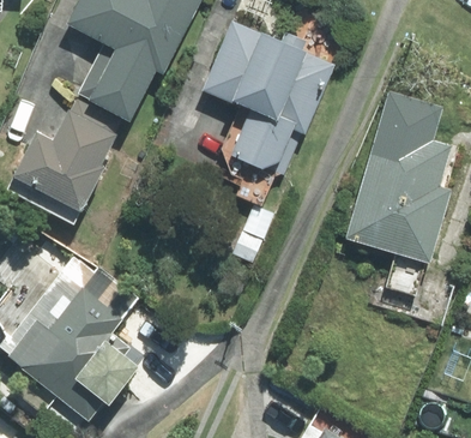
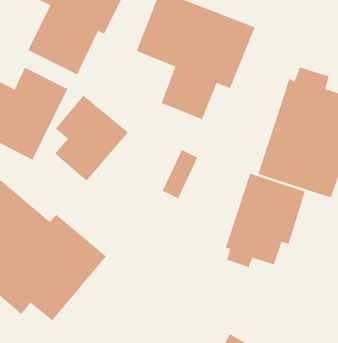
building: none -> [54,95,129,181]
building: none -> [225,173,306,268]

